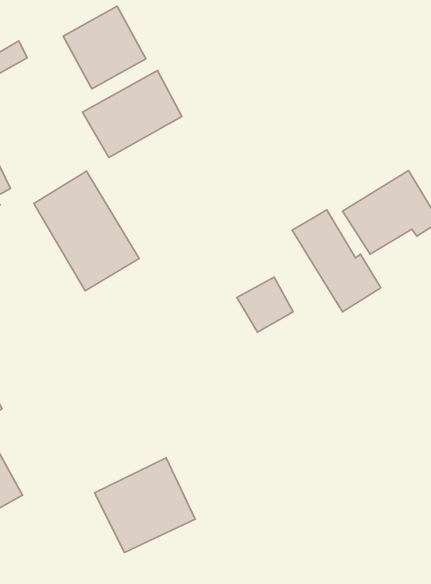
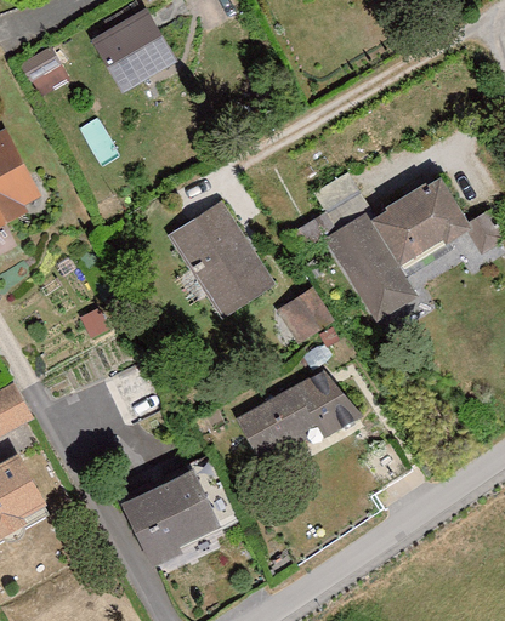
building: [83,71,182,158] -> none
building: [34,171,139,291] -> [165,201,272,323]
building: none -> [233,375,364,465]

